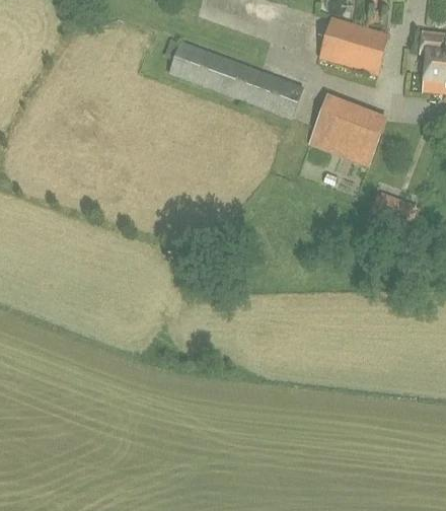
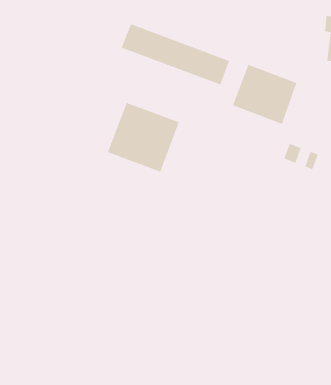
building: [319,16,389,74] -> none
building: none -> [107,102,180,173]

